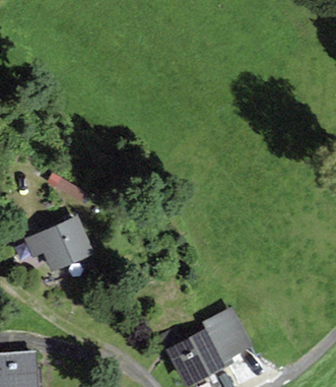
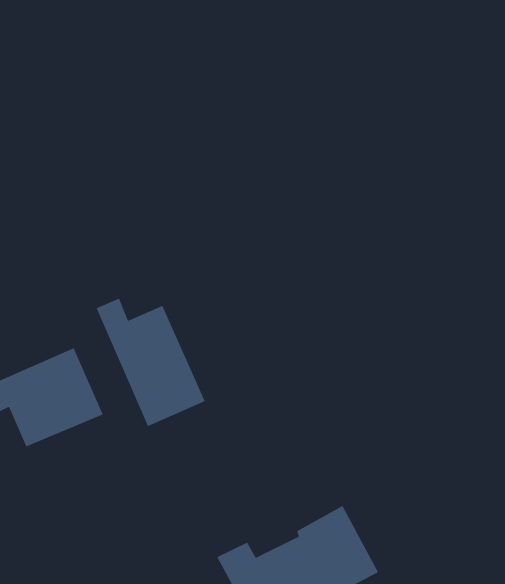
building: none -> [96,297,206,427]

